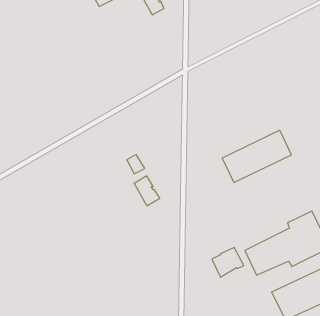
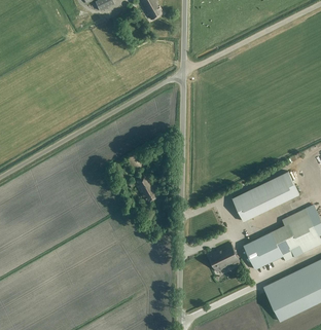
building: [222,130,291,183] -> [233,171,299,221]

